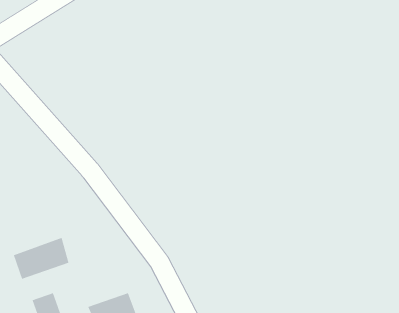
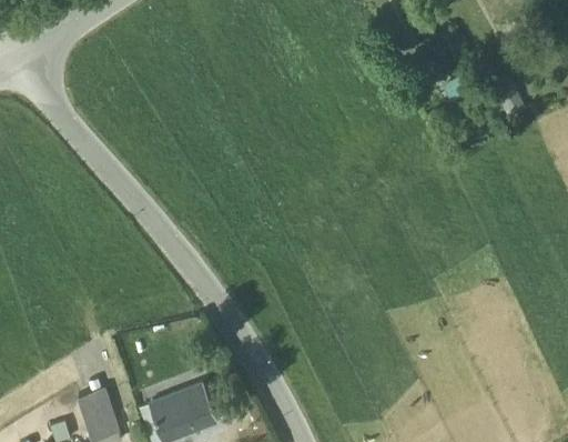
building: [13,237,69,280] -> none

